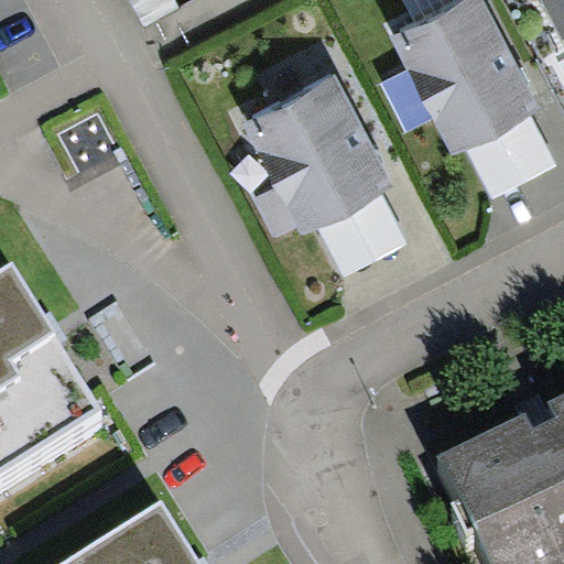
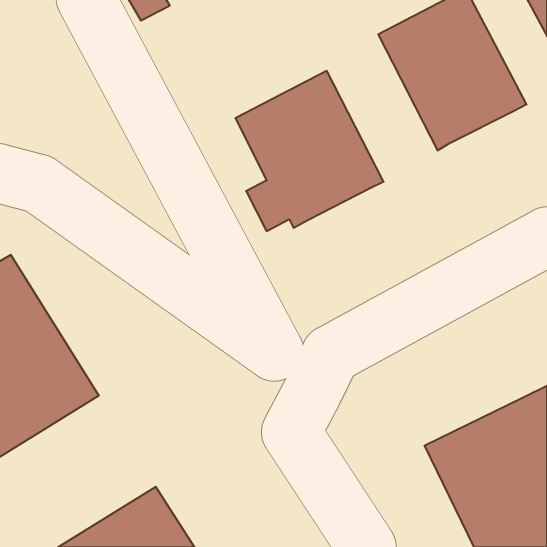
building: [462,113,555,202] -> none
building: [315,193,408,280] -> none

